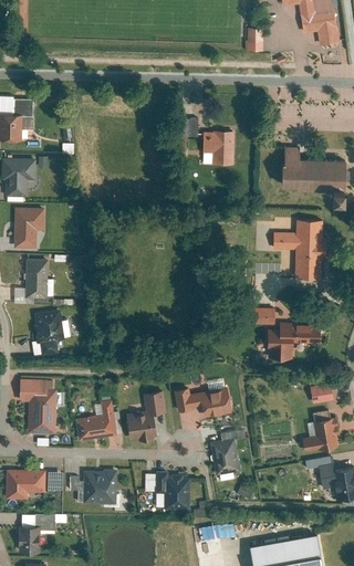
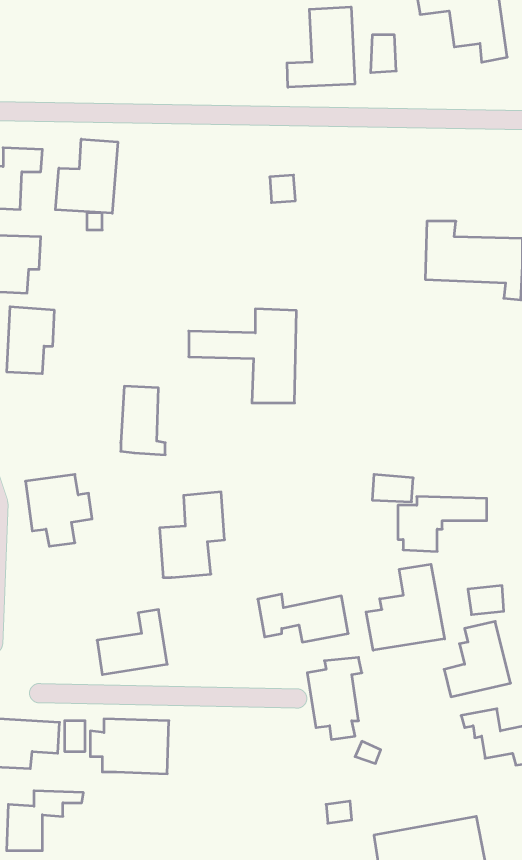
building: none -> [287,7,355,87]
building: none -> [55,139,118,213]
building: [205,130,235,161] -> none
building: [251,221,321,282] -> [189,309,296,403]
building: [24,261,53,305] -> [121,386,165,455]
building: none -> [366,564,445,650]
building: [27,386,58,433] -> none
building: [125,388,167,443] -> [160,492,225,577]
building: [145,471,191,510] -> none

